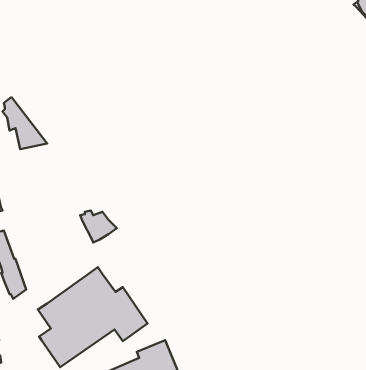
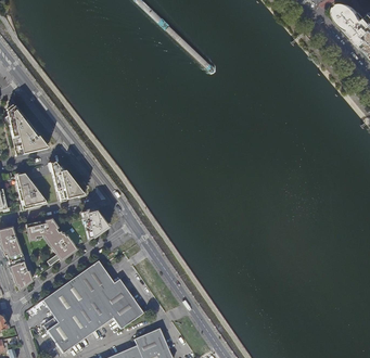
building: none -> [52,163,89,201]
building: none -> [18,172,49,208]
building: none -> [25,219,75,264]

